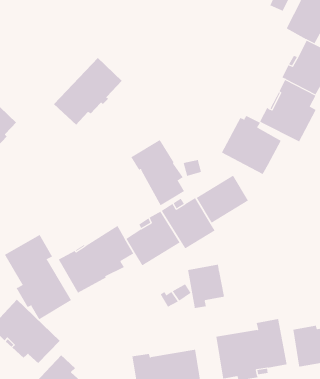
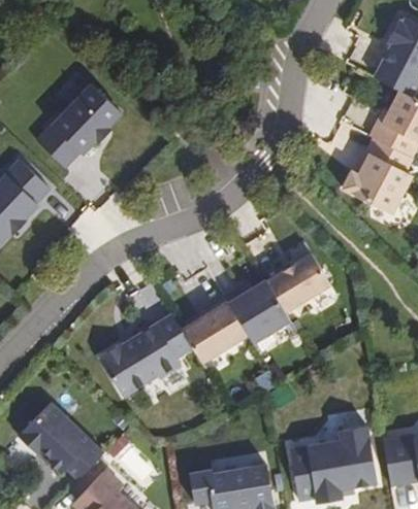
building: [53,57,123,125] -> [39,87,123,169]
building: [221,115,281,175] -> none
building: [130,139,185,206] -> none
building: [4,234,72,320] -> none
building: [187,264,225,309] -> none

